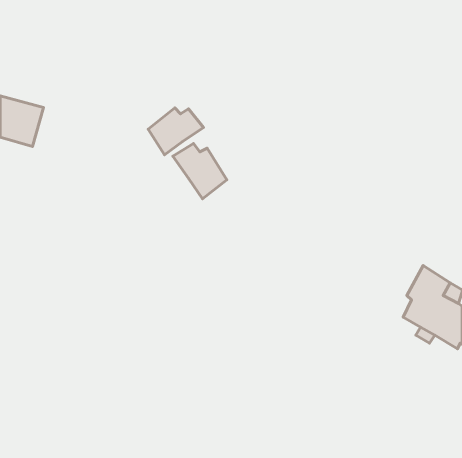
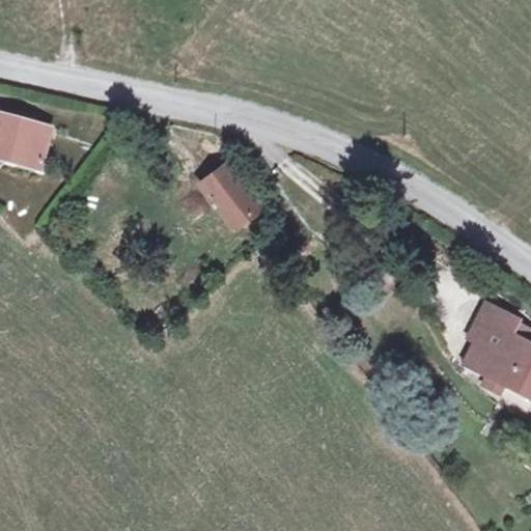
building: [148,108,203,155] -> none

